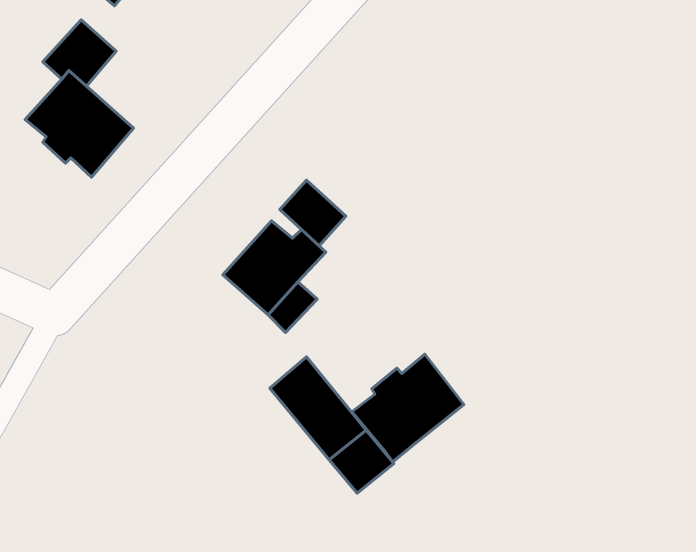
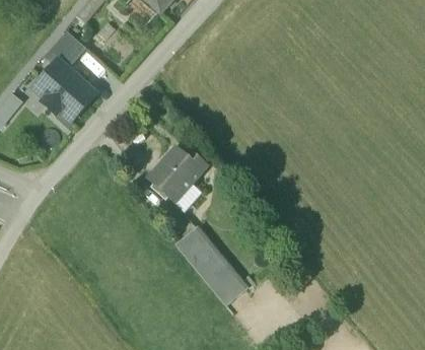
building: [280,180,346,246] -> none
building: [352,354,464,462] -> none

